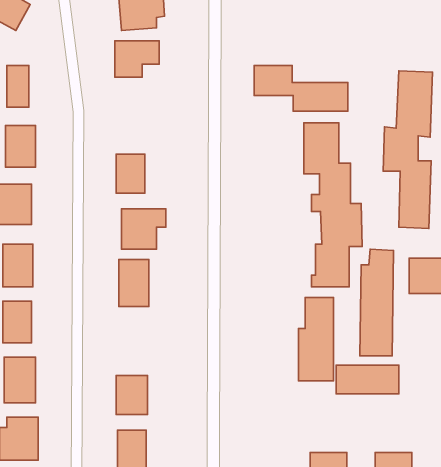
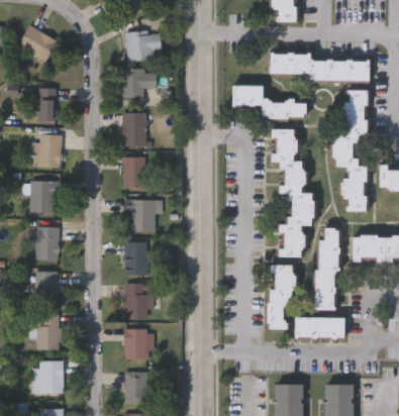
building: none -> [269,54,368,83]
building: none -> [122,111,146,144]
building: none -> [124,282,157,317]

